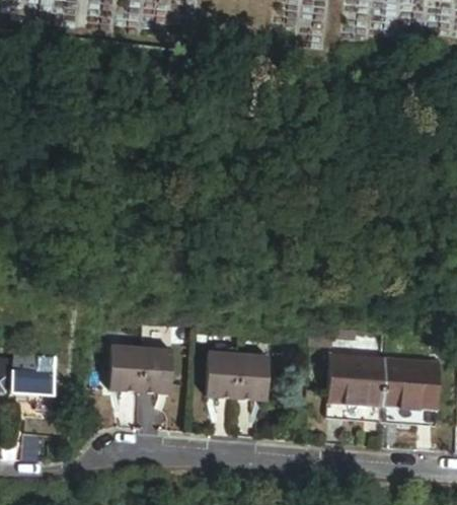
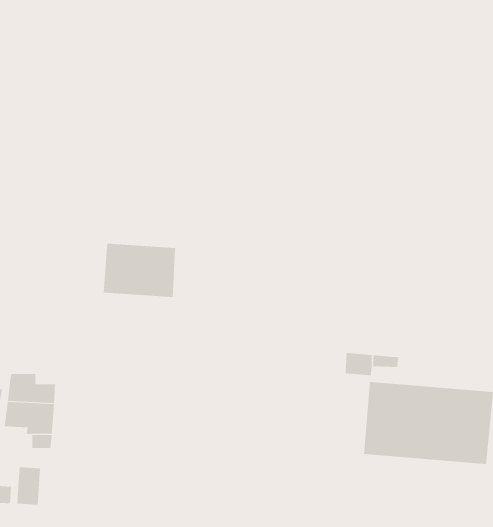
building: [108,345,172,392] -> [103,243,176,297]
building: [205,351,269,400] -> none

